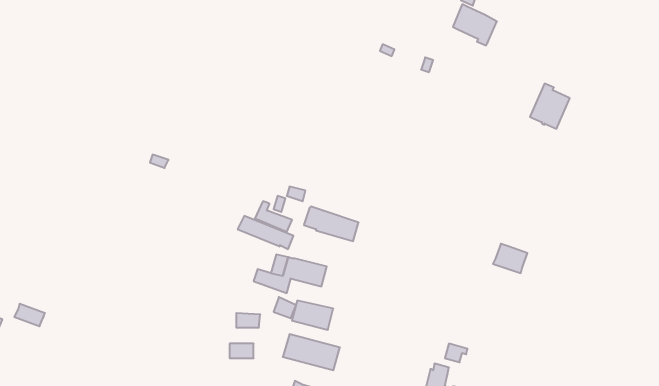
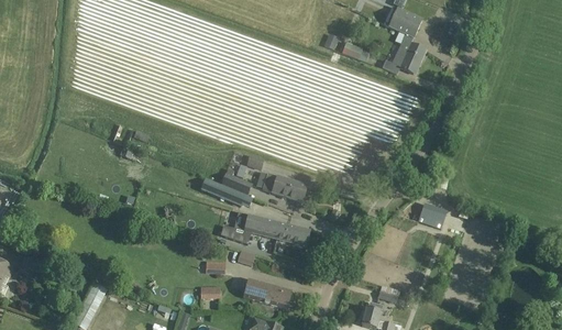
building: [530,84,570,129] -> [392,36,425,74]
building: [292,301,333,330] -> [275,222,309,246]

